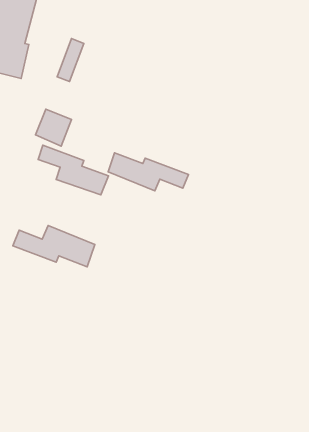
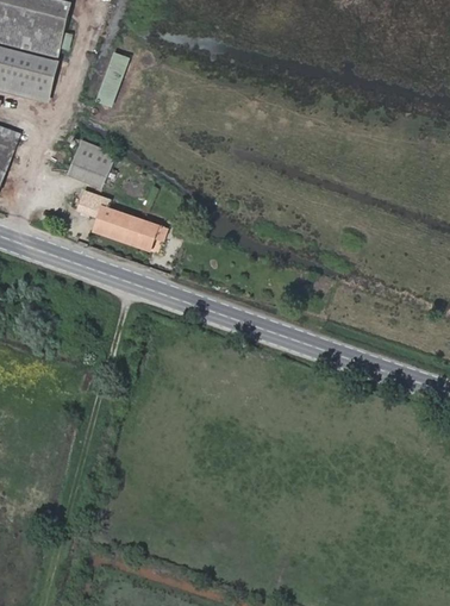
building: [108,153,189,191] -> none
building: [13,226,95,267] -> none

